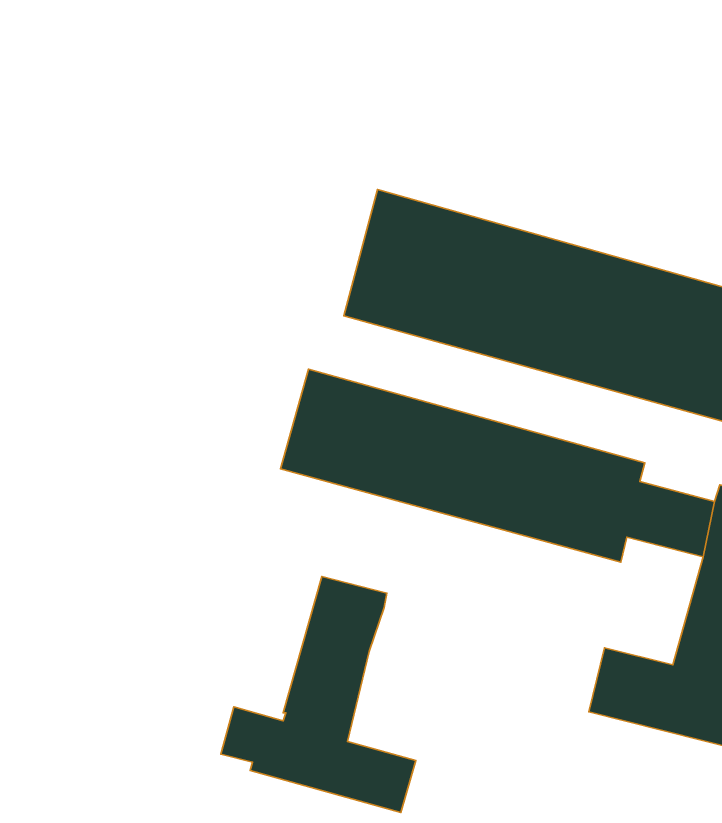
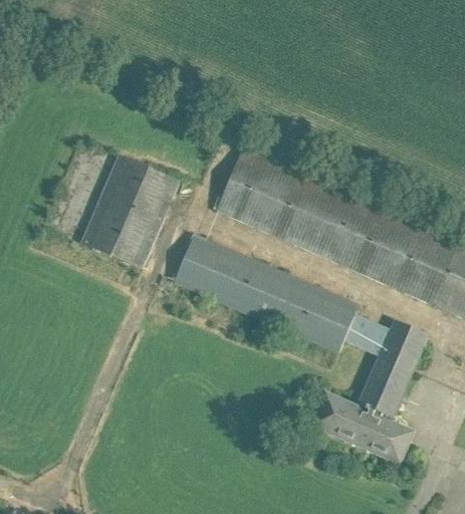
building: none -> [80,157,179,270]
building: [221,576,416,813] -> none

